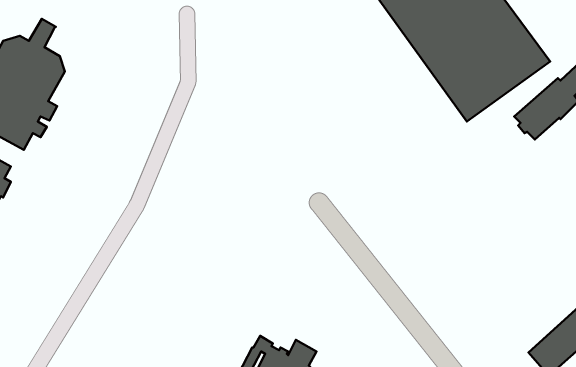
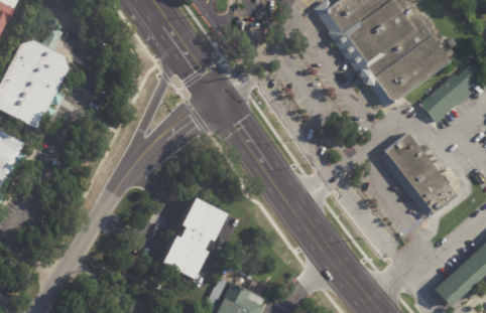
building: none -> [379,131,458,217]
building: none -> [164,192,230,275]

